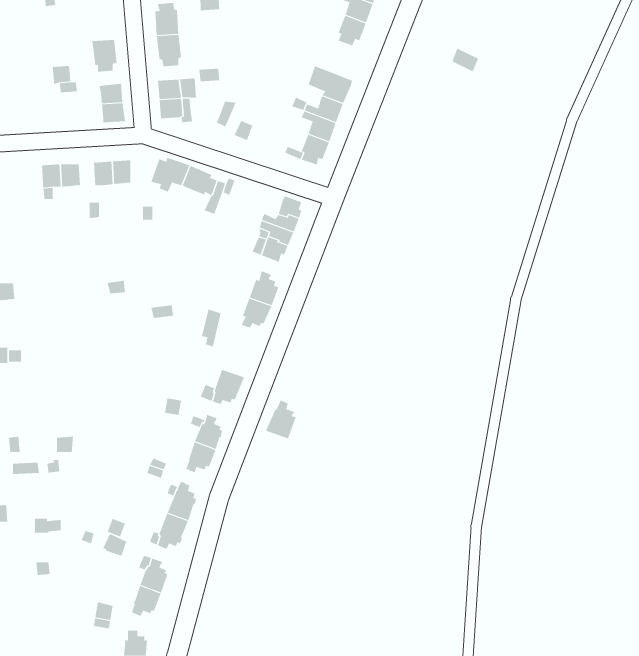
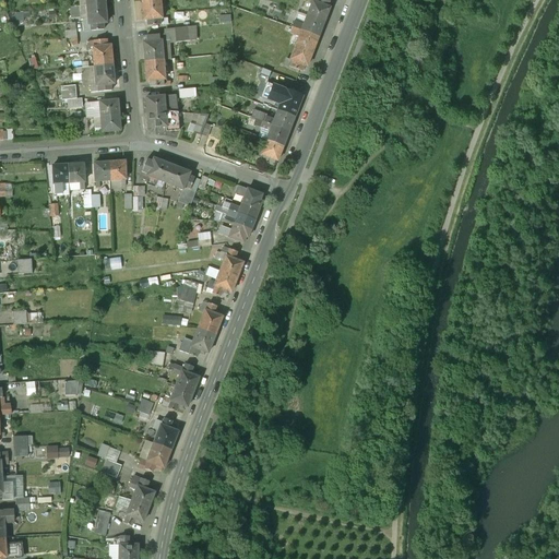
building: none -> [92,37,111,64]
building: [265,399,297,439] -> [197,301,222,333]

